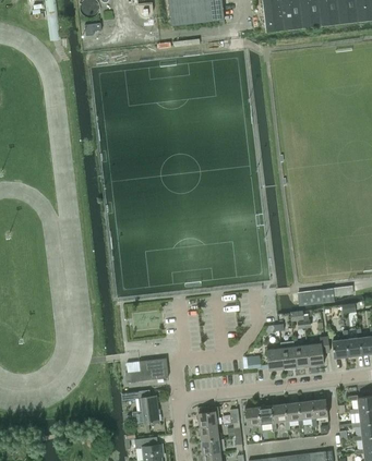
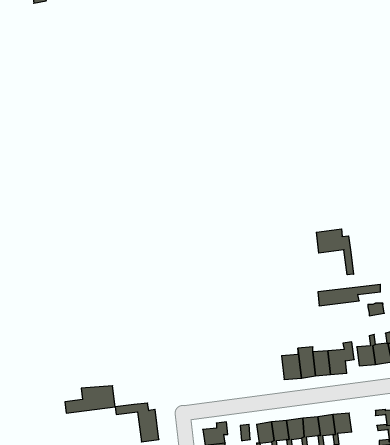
building: none -> [316,229,354,275]
building: [125,359,169,383] -> [65,386,115,413]

